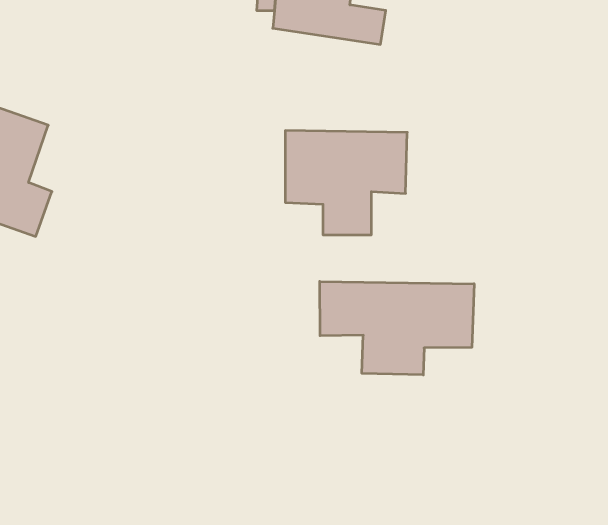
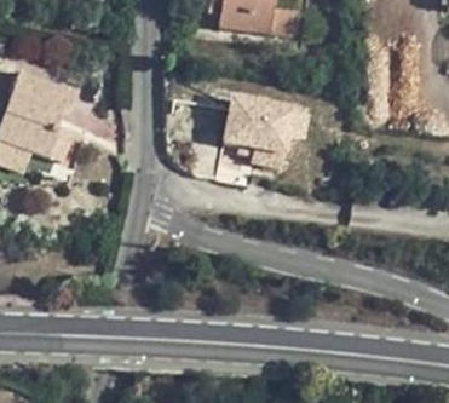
building: [320,281,474,375] -> none

